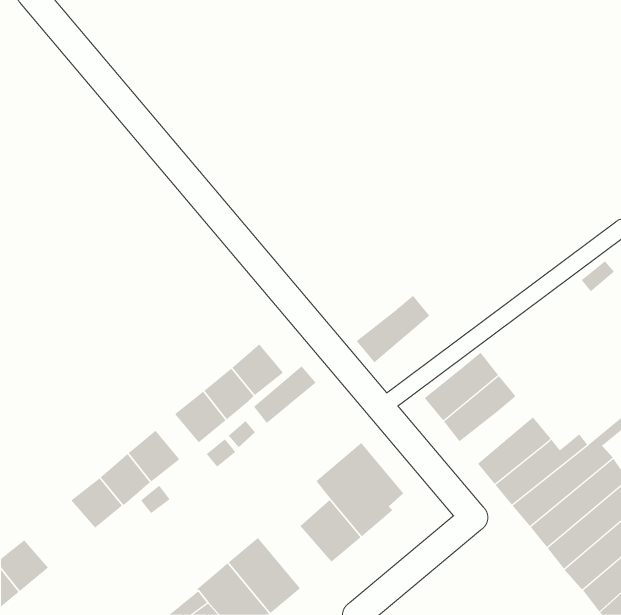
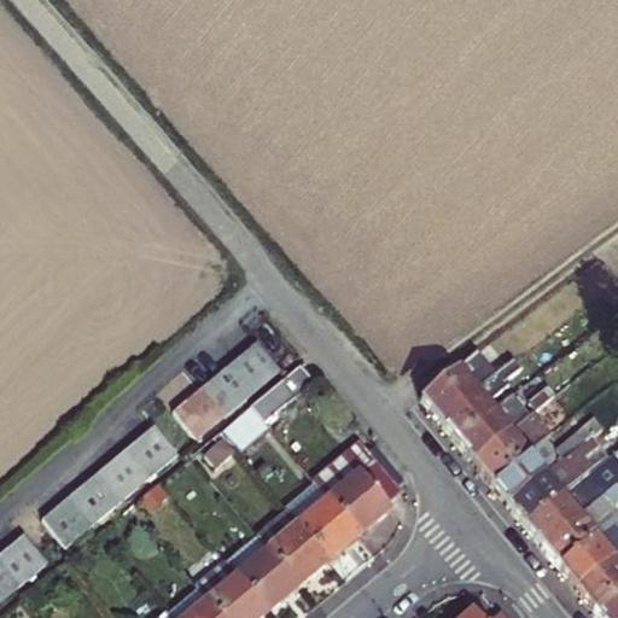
building: [356,295,430,363] -> [456,392,530,460]
building: none -> [43,496,95,548]
building: none -> [257,508,330,583]

